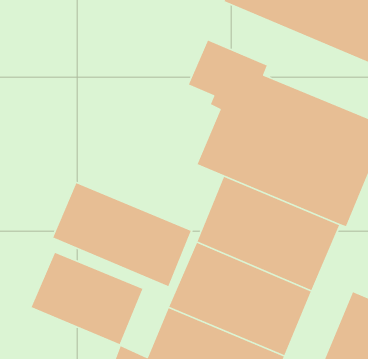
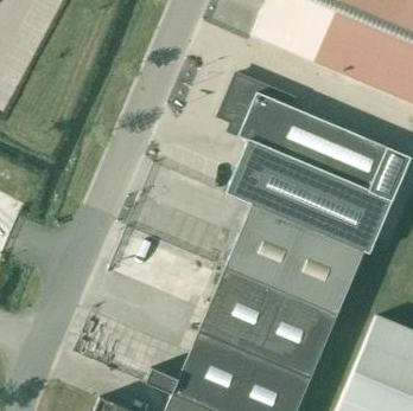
building: [52,182,192,287] -> none
building: [30,252,144,345] -> none

